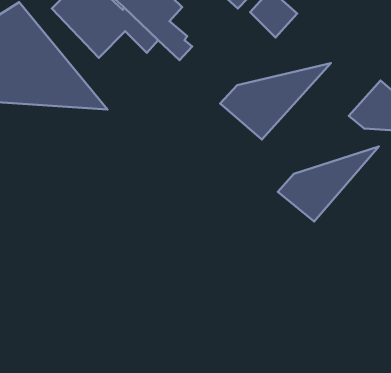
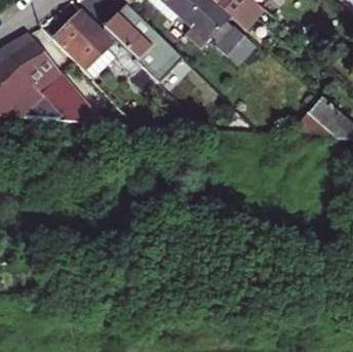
building: [220,63,331,139] -> none
building: [278,146,379,222] -> none

